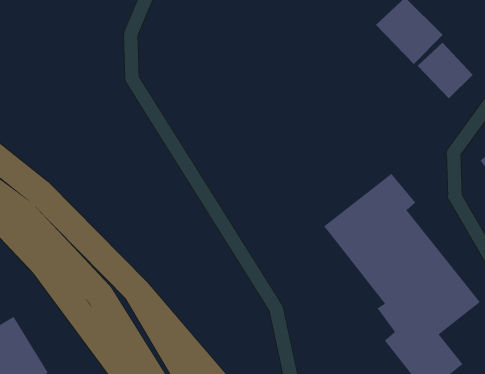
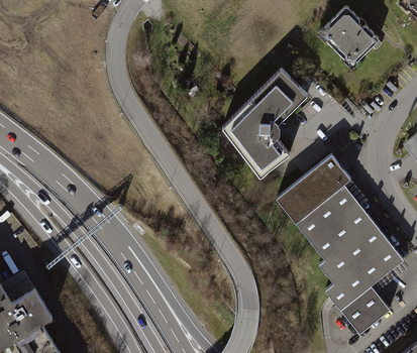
building: [417,42,473,99] -> none
building: none -> [223,71,308,179]

